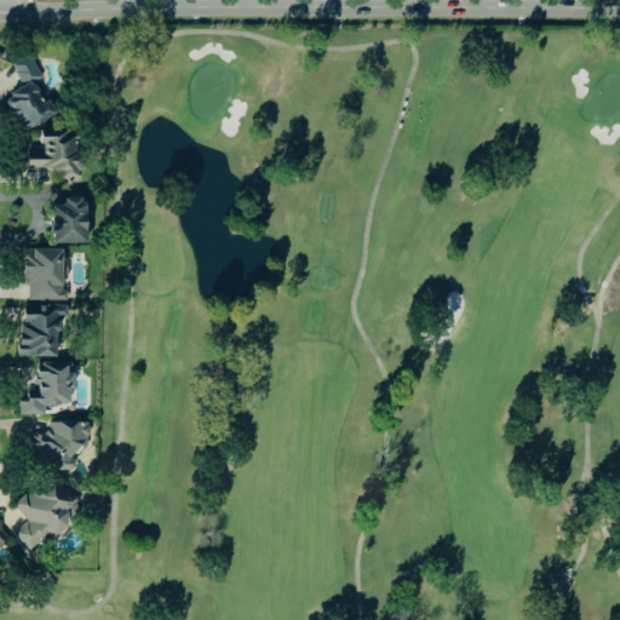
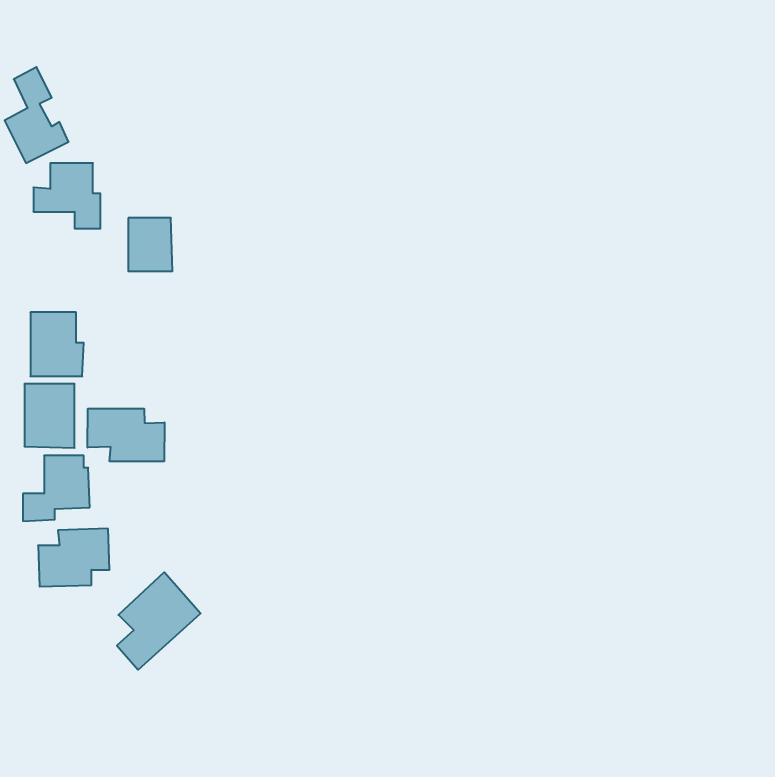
building: [52,201,87,243] -> [128,218,172,271]
building: none -> [88,409,164,461]
building: [16,475,82,552] -> [117,572,201,670]

